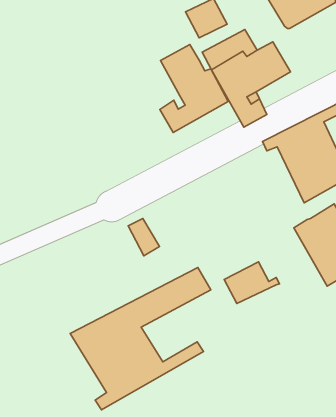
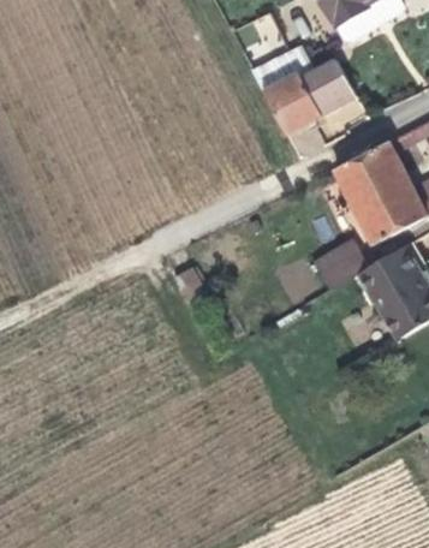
building: [160,45,228,132] -> none
building: [224,262,279,303] -> [316,239,380,287]
building: [70,268,211,410] -> none

